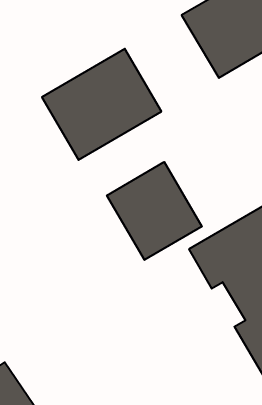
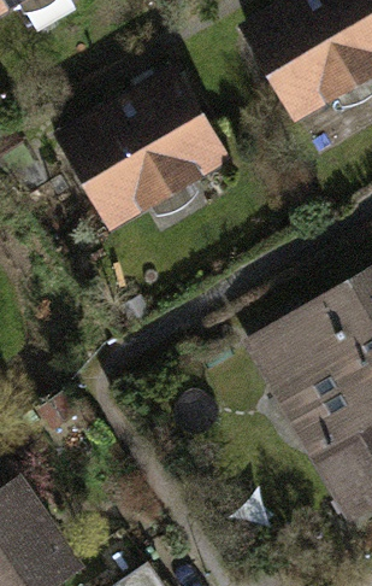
building: [107,162,202,260] -> none

